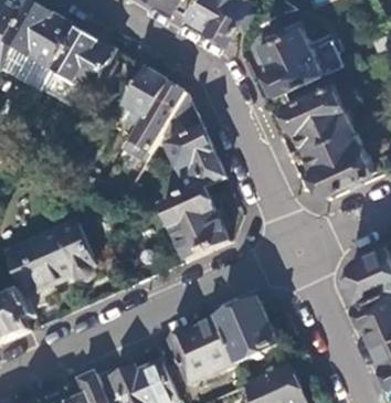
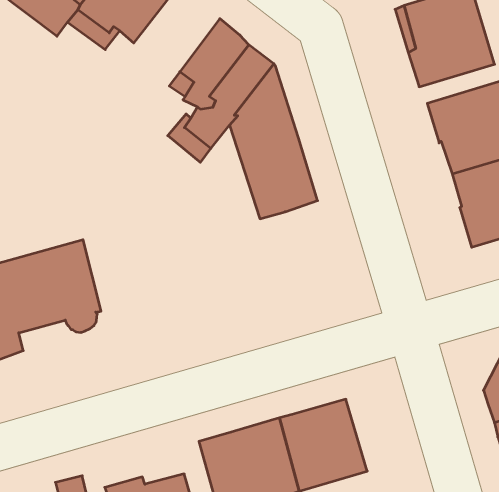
building: [158,185,225,261] -> none

